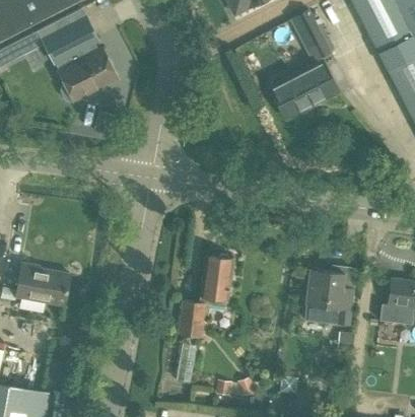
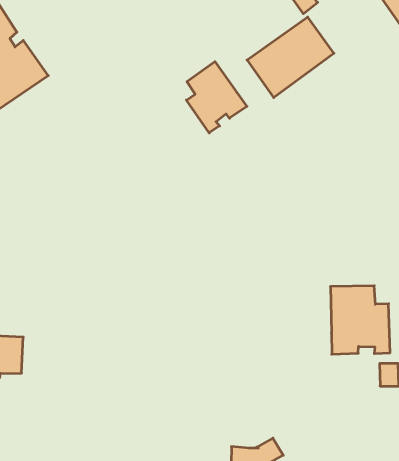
building: none -> [186,62,247,133]
building: [180,255,233,338] -> none
building: [176,341,199,380] -> none

